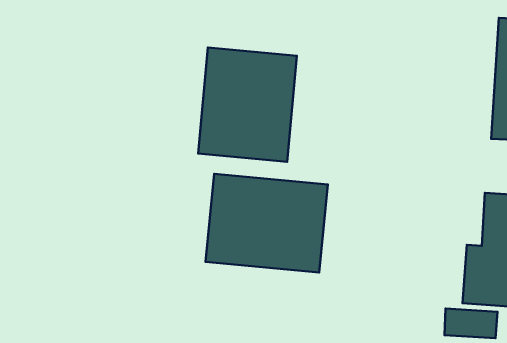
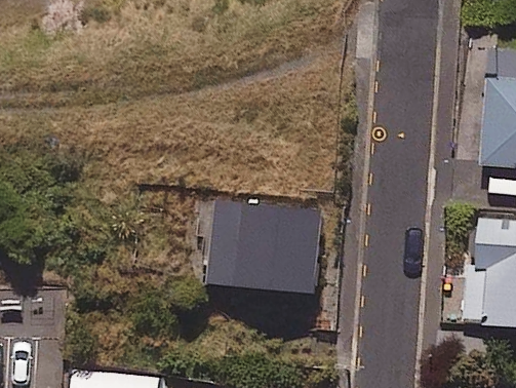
building: [198,47,297,162] -> none

